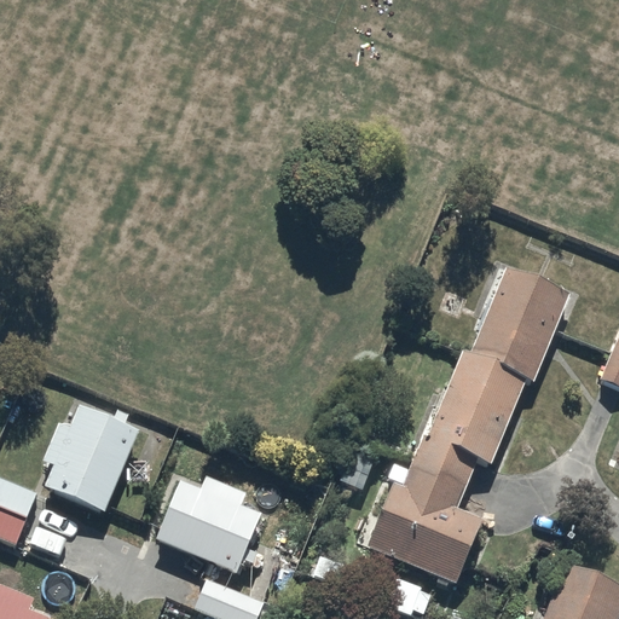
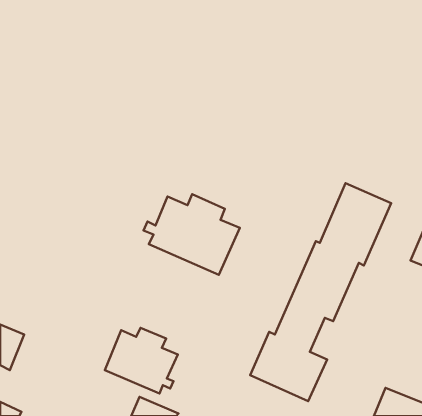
building: none -> [144,194,240,275]
building: [42,409,140,514] -> none

